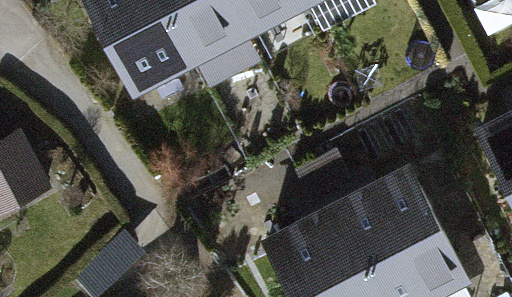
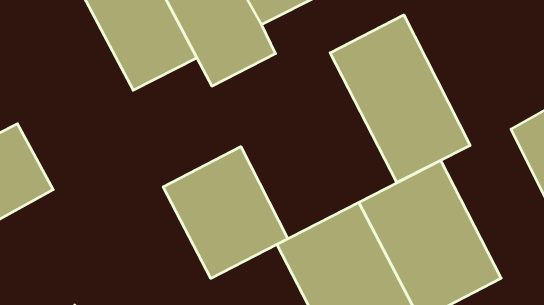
building: none -> [330,15,470,183]
building: none -> [163,147,288,278]

